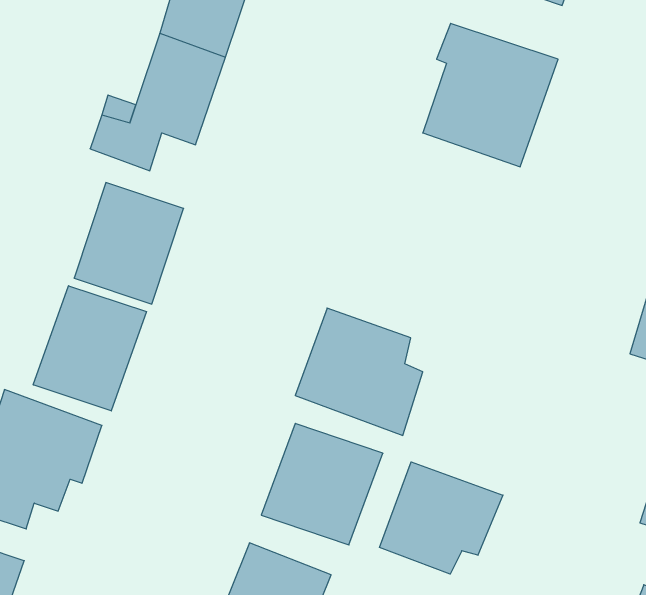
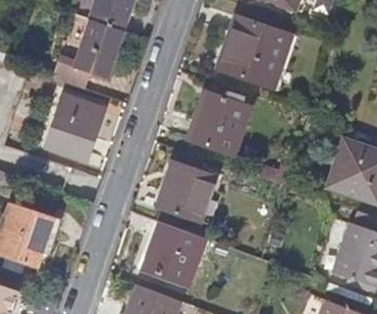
building: none -> [190,92,248,152]
building: [33,286,146,411] -> none
building: [380,462,503,574] -> none

